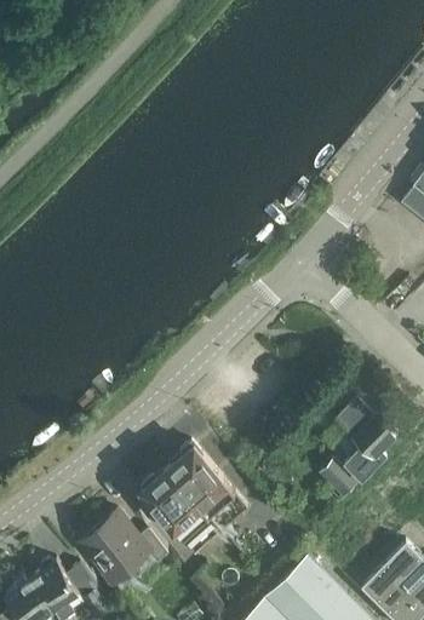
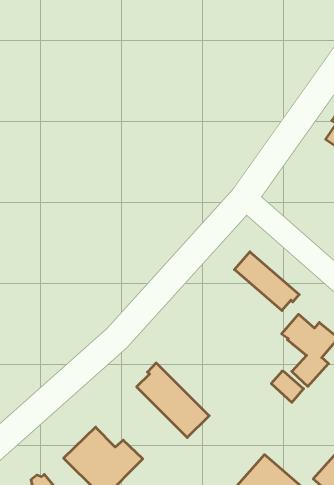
building: none -> [234,252,299,311]
building: [141,469,220,553] -> none

